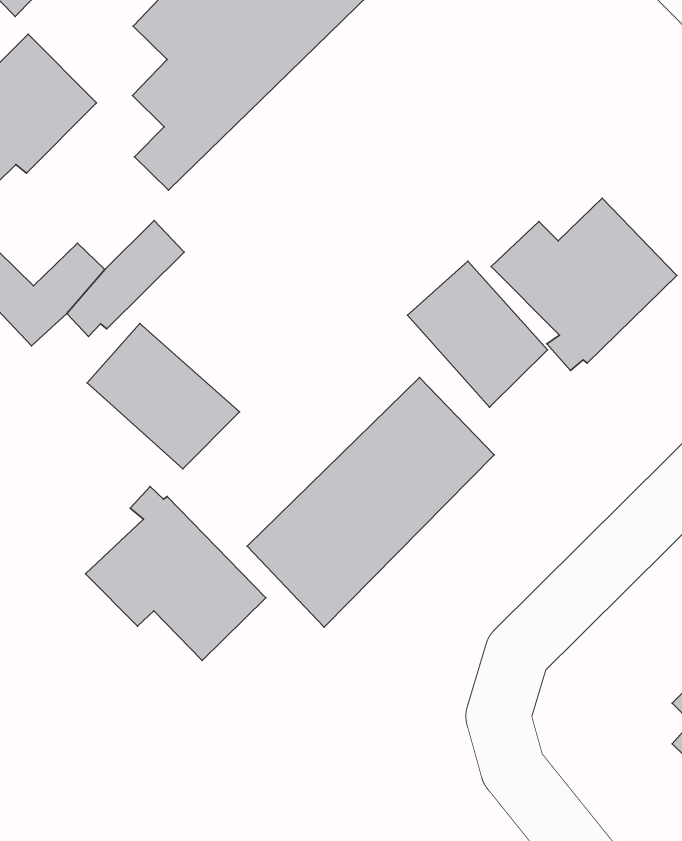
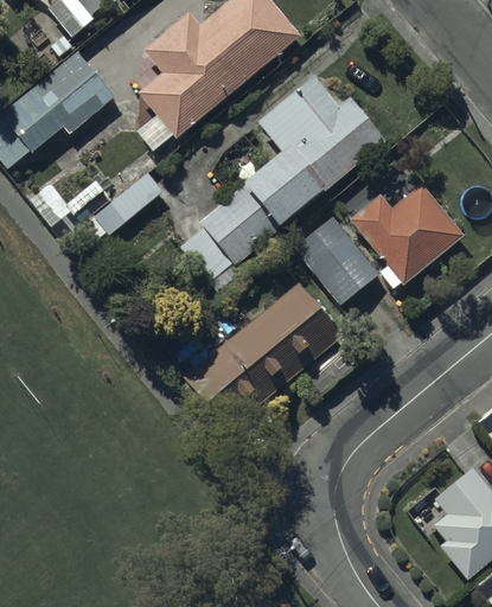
building: none -> [181,68,385,292]
building: [87,323,239,469] -> none
building: [85,486,266,660] -> none

